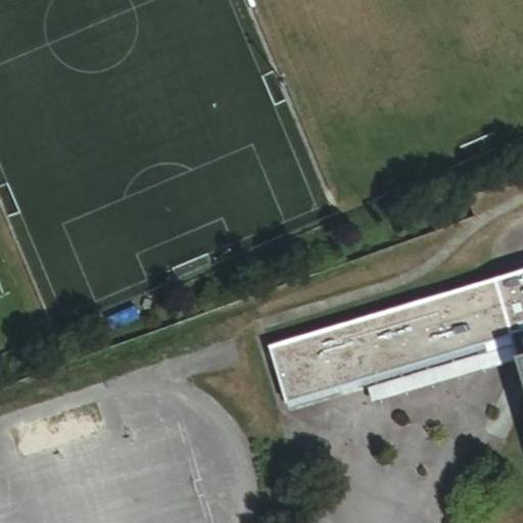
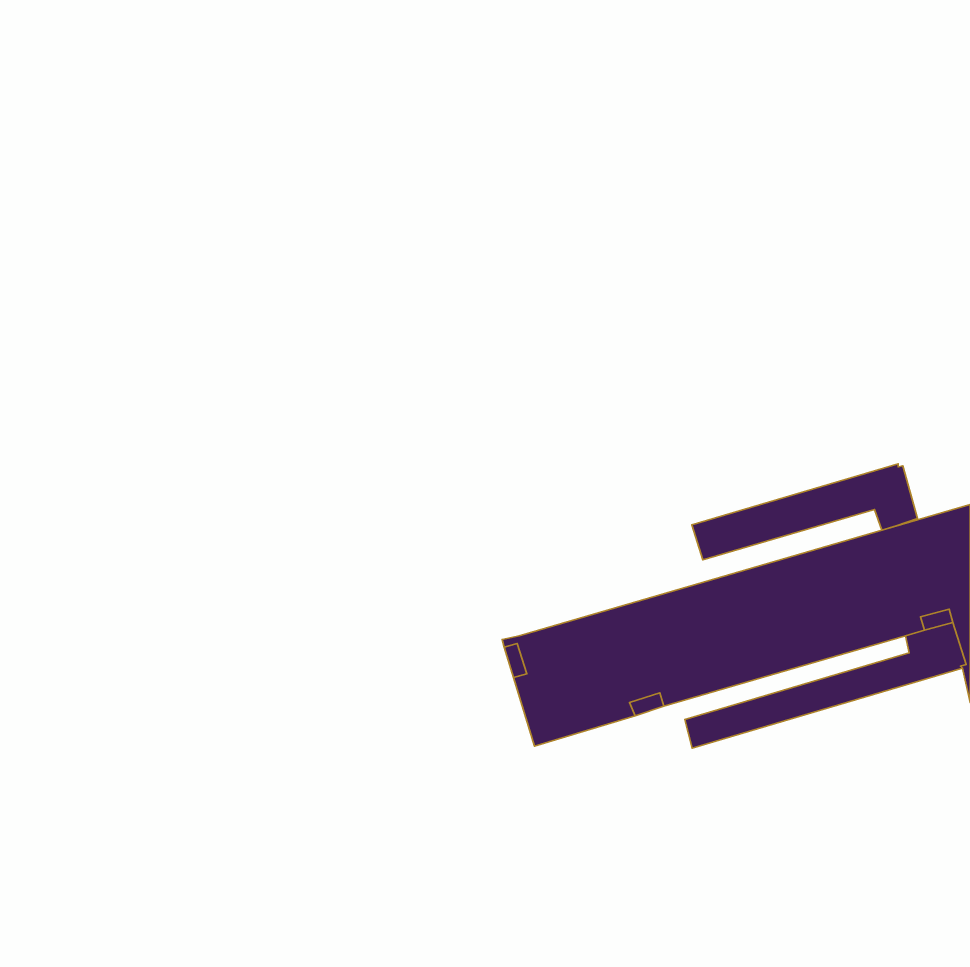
building: none -> [692,464,918,560]

